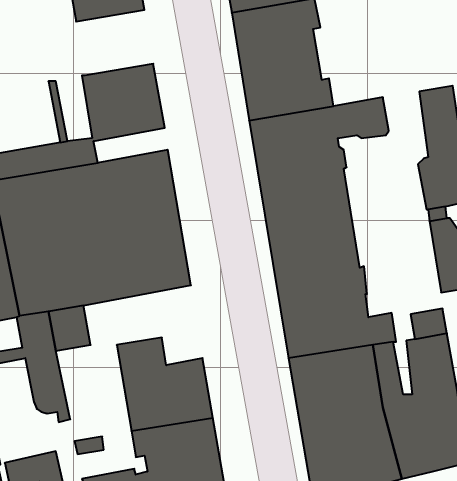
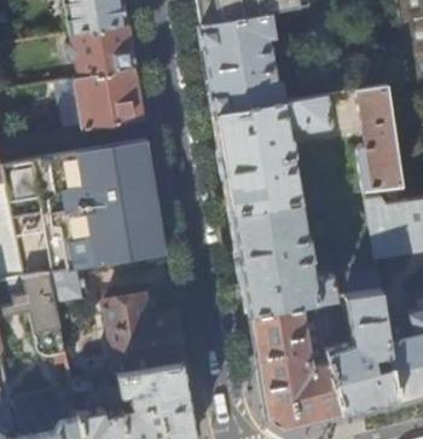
building: none -> [69,23,135,77]

